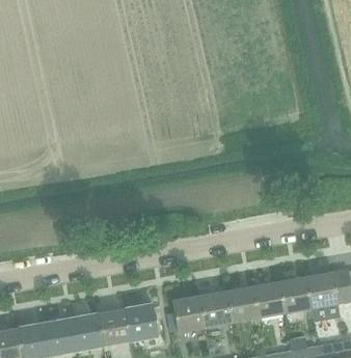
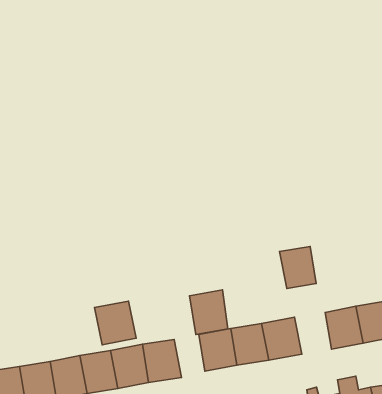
building: none -> [190,290,228,334]
building: none -> [94,301,136,345]
building: [253,282,285,318] -> [279,247,316,288]

